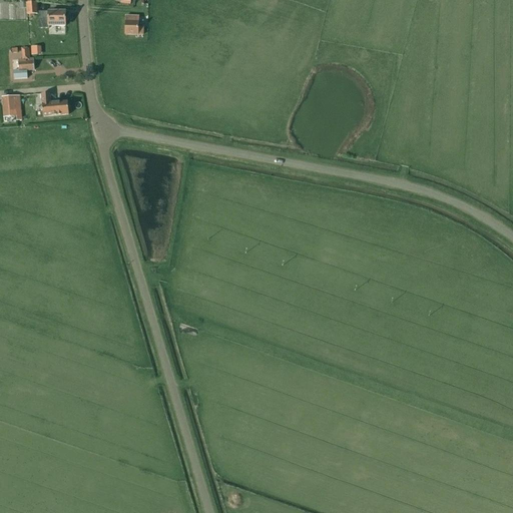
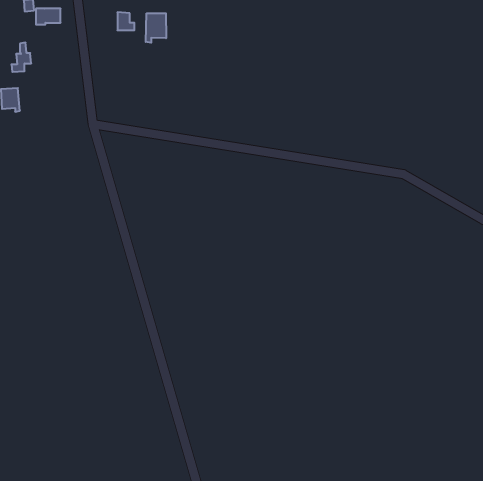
building: none -> [146,13,166,43]
building: [40,91,67,114] -> none

